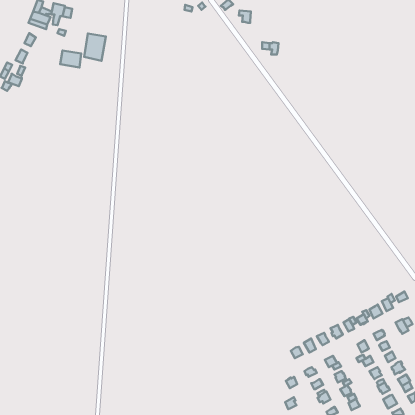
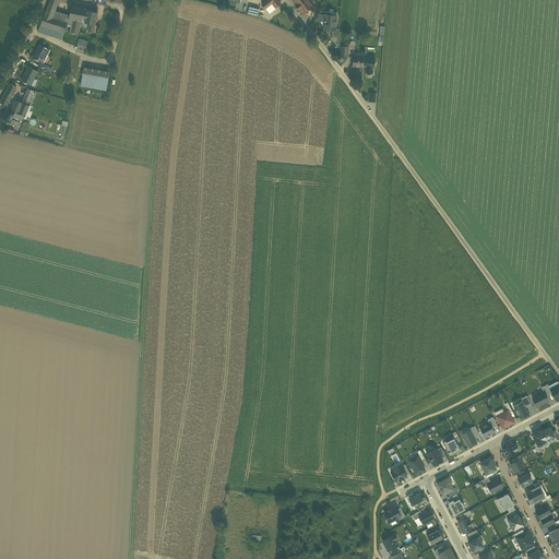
building: [84,34,106,61] -> none

